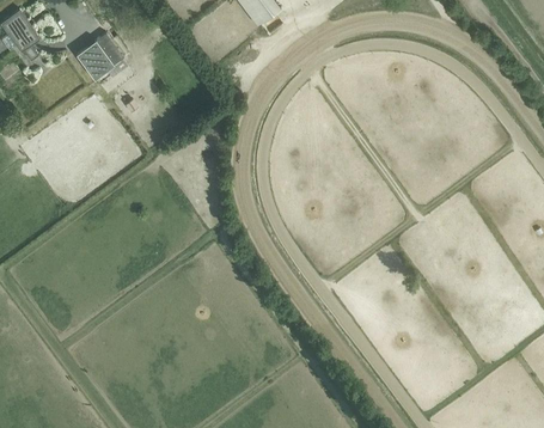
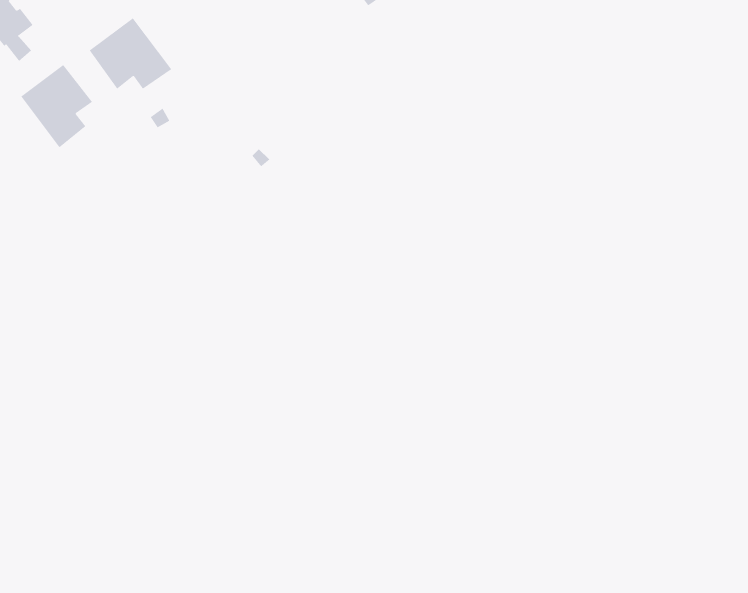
building: none -> [21,64,93,148]

